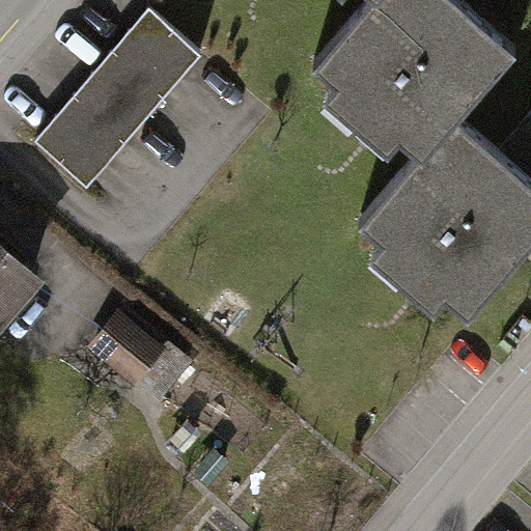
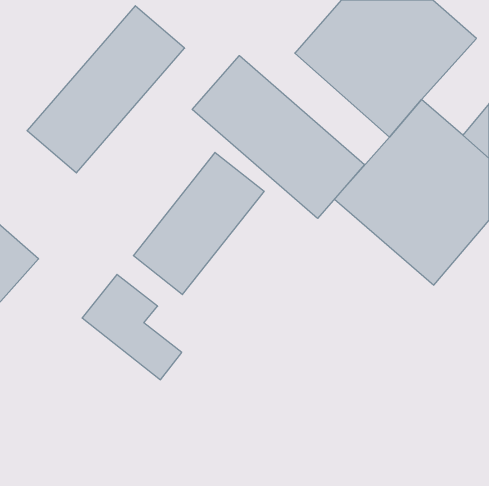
building: none -> [192,56,365,218]
building: none -> [133,152,264,295]

